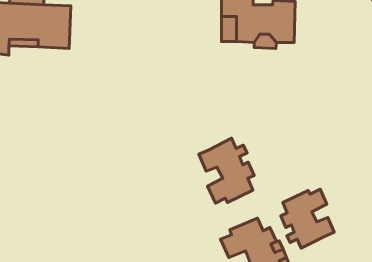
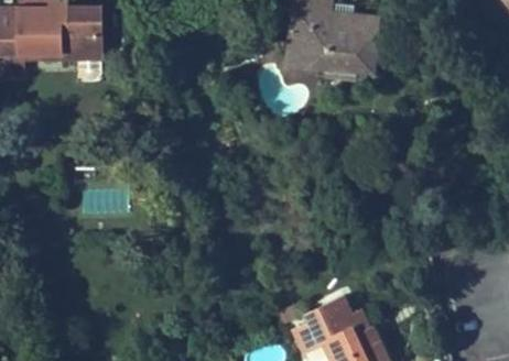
building: [199,138,254,203] -> none
building: [281,189,334,248] -> none

